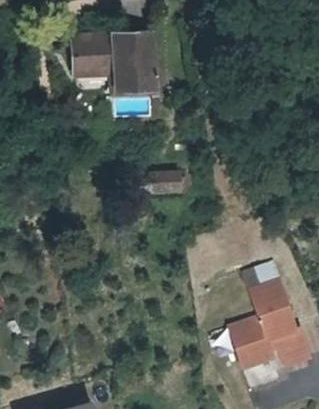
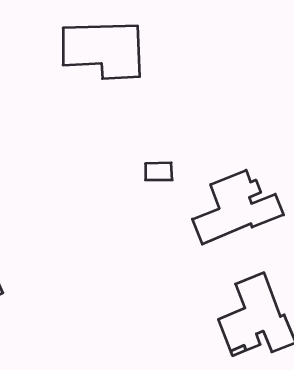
building: none -> [192,170,284,244]

